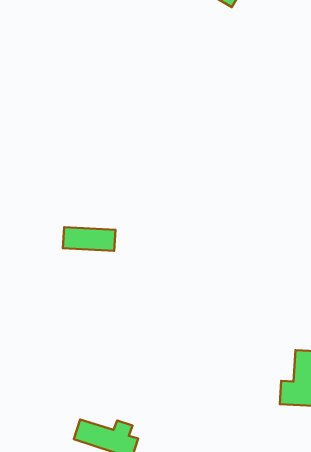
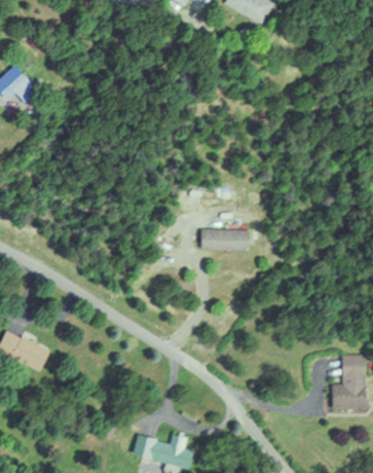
building: [63,227,115,251] -> [200,229,251,250]

